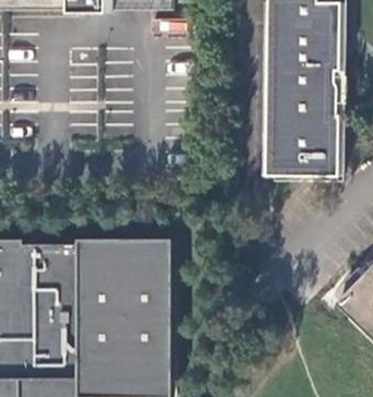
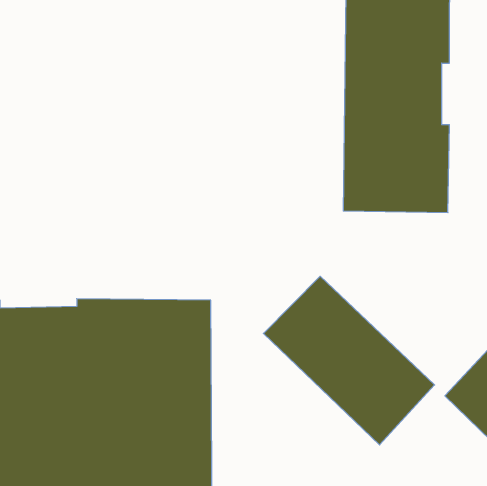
building: none -> [263,276,435,445]

